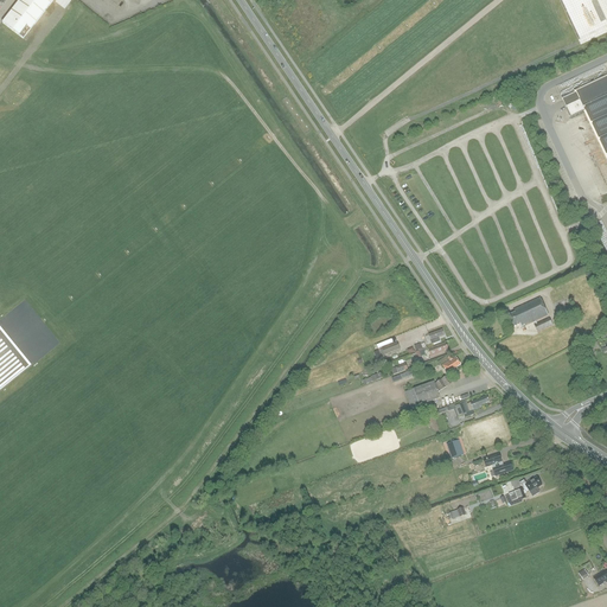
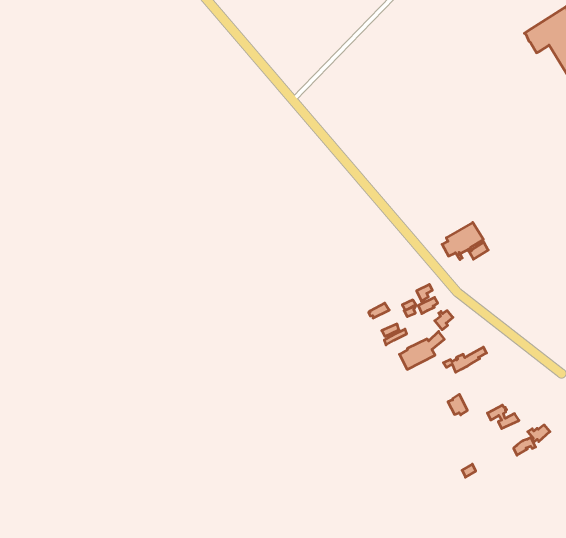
building: [509,295,552,331] -> [442,222,488,260]

